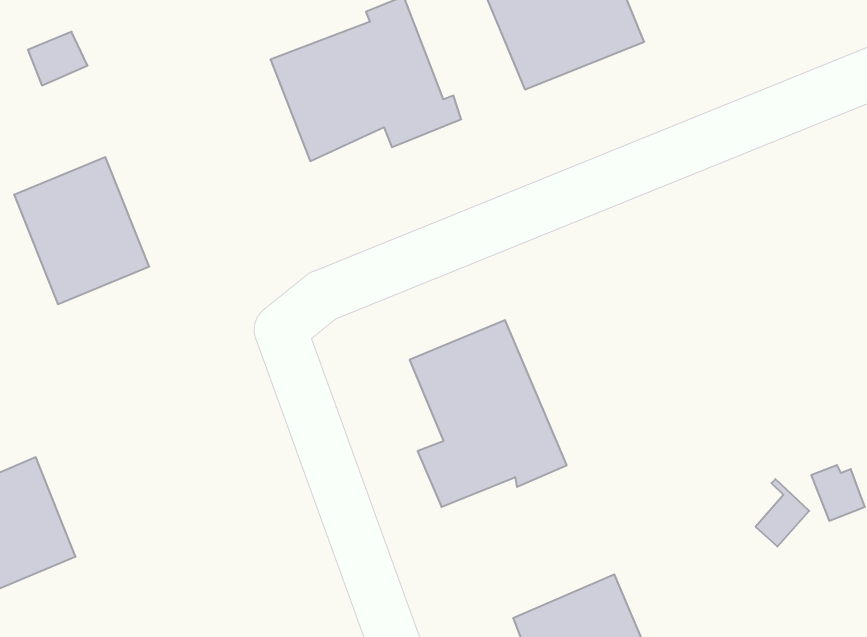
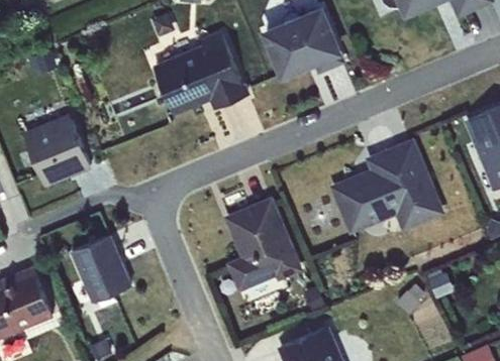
building: none -> [329,138,445,234]
building: none -> [71,234,131,304]

